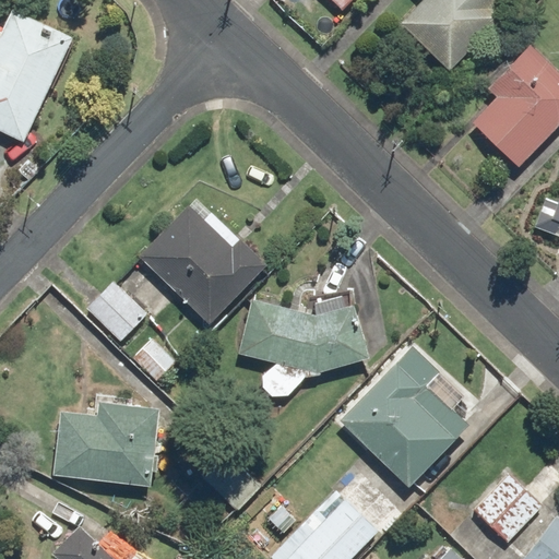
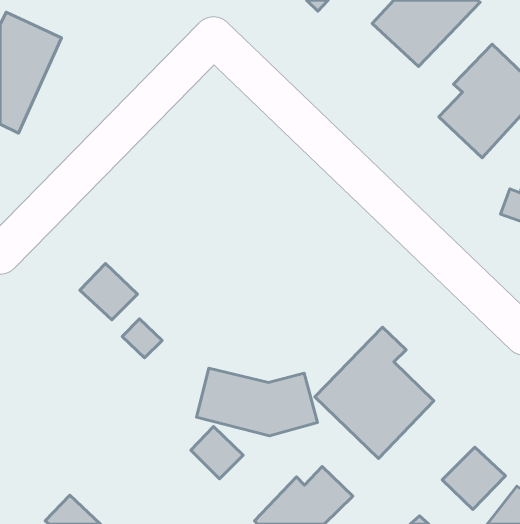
building: [140,199,265,324] -> none
building: [240,300,369,372] -> [197,368,318,436]
building: [52,404,158,488] -> none

